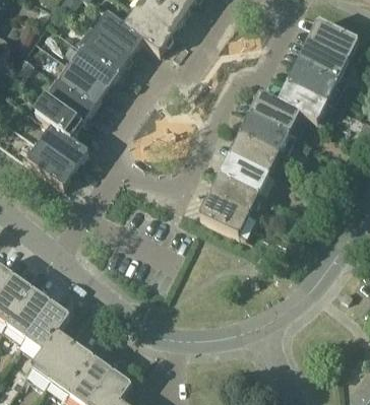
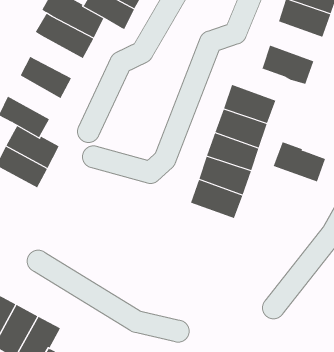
building: [71,47,119,88] -> none
building: [289,59,337,98] -> none
building: [47,80,95,123] -> none
building: [250,89,299,130] -> [273,141,326,182]

